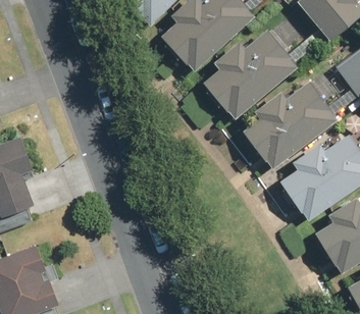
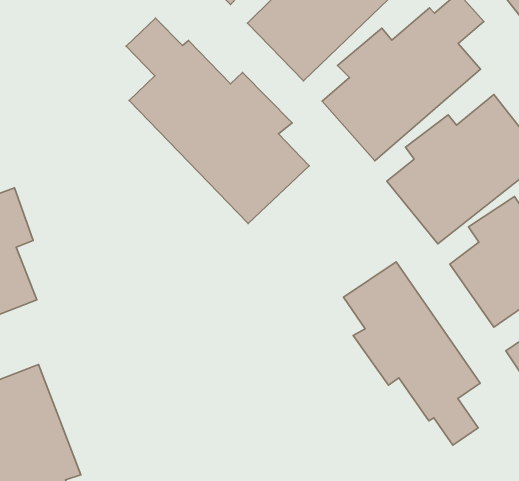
building: none -> [126,18,309,224]
building: none -> [343,262,480,445]

